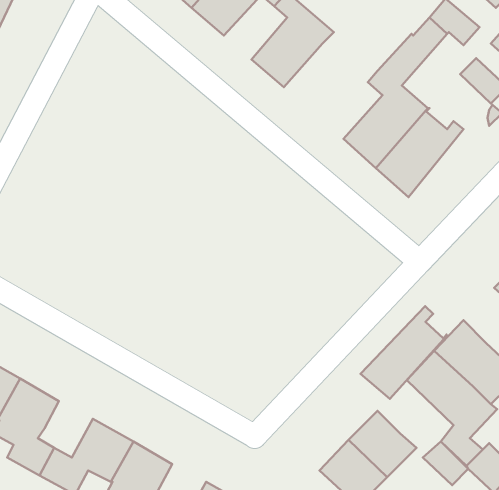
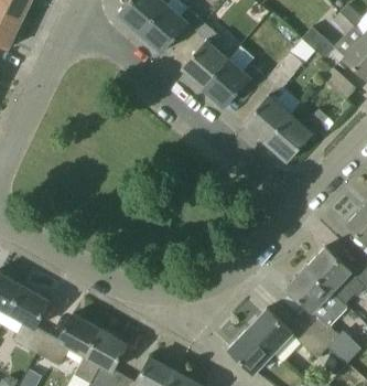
building: none -> [203,58,267,108]
building: [360,306,447,399] -> none

